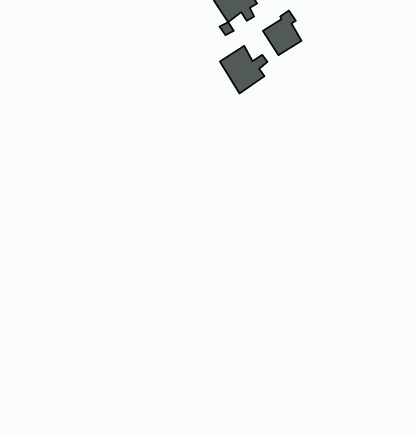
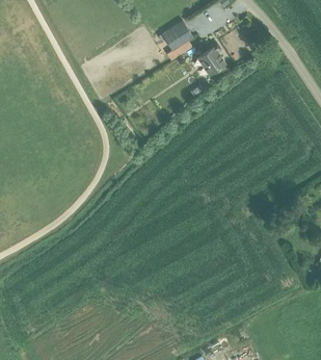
building: [220,46,267,93] -> none

